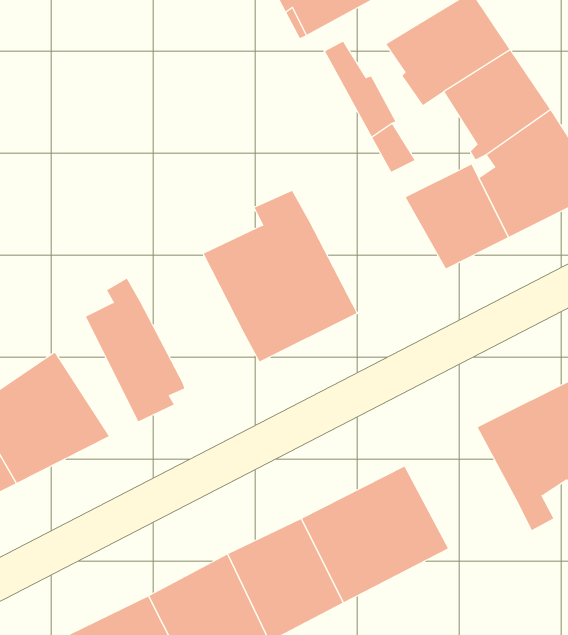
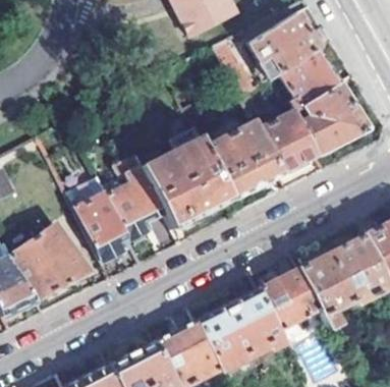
building: none -> [203,121,281,200]
building: none -> [105,155,164,245]
building: none -> [258,266,322,339]

